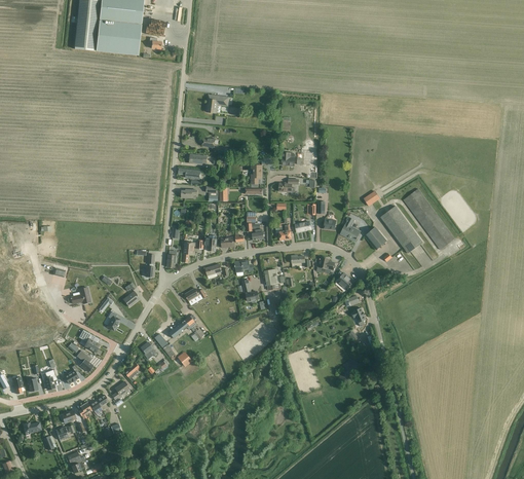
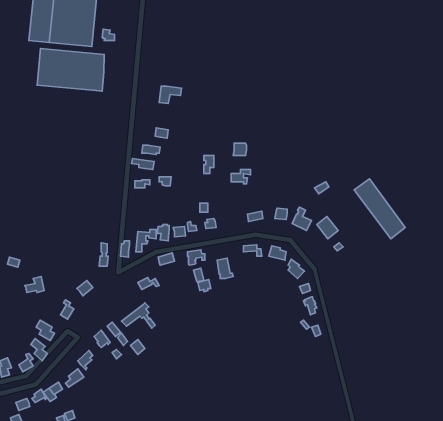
building: none -> [37,49,104,91]
building: [380,205,422,253] -> none

